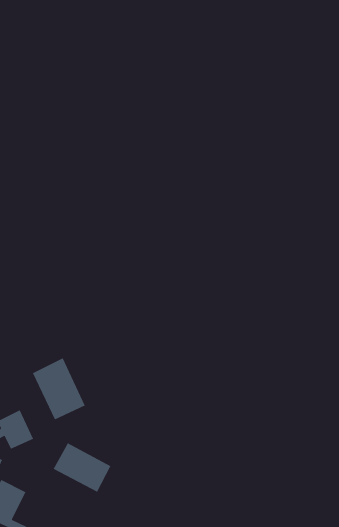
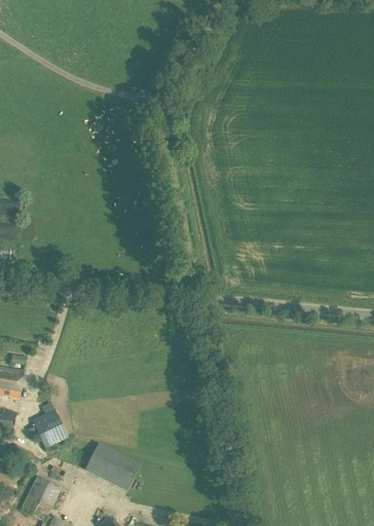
building: [32,357,86,420] -> none

